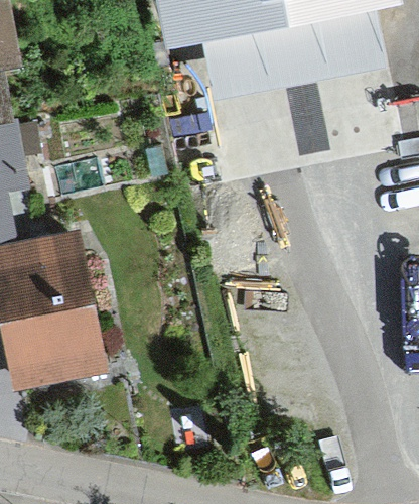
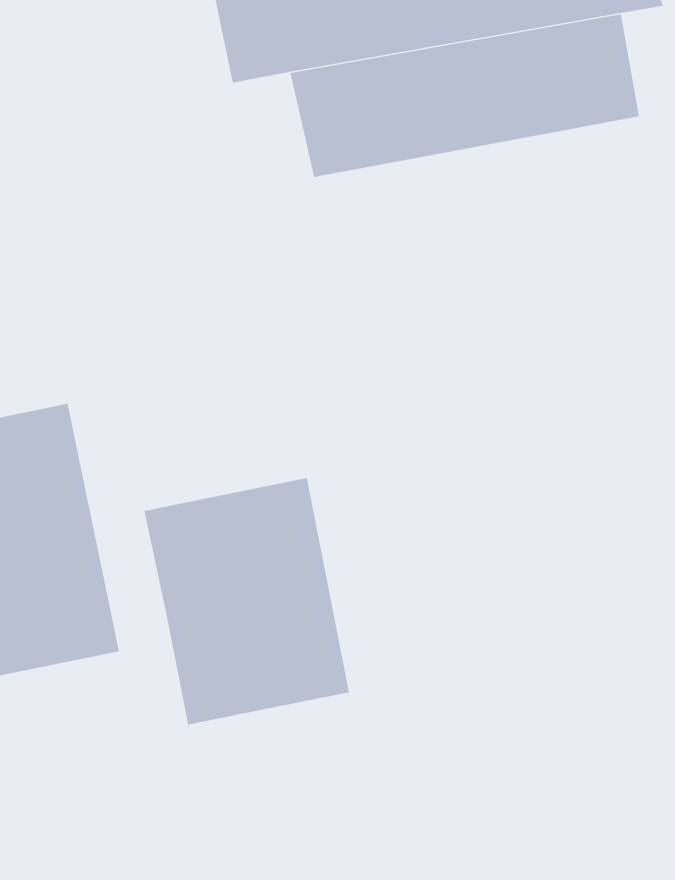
building: none -> [144,477,350,725]

